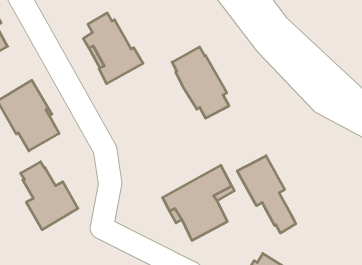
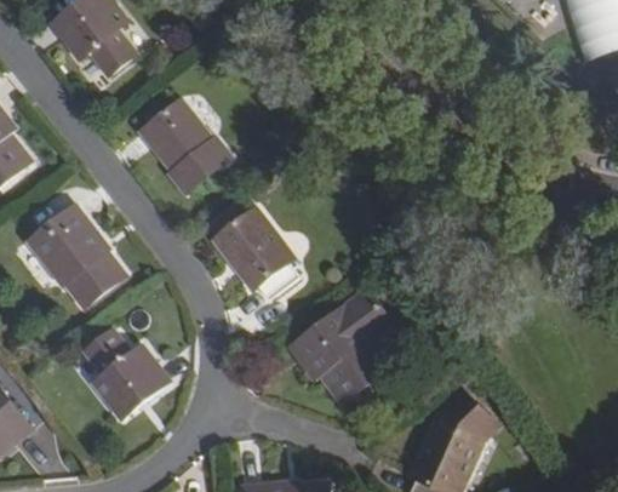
building: [172,47,229,118] -> [208,198,301,299]
building: [237,156,296,233] -> none

